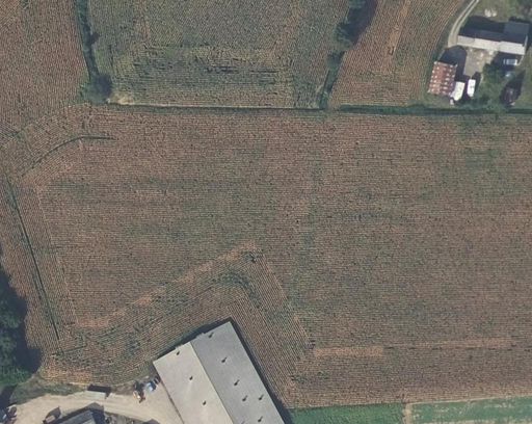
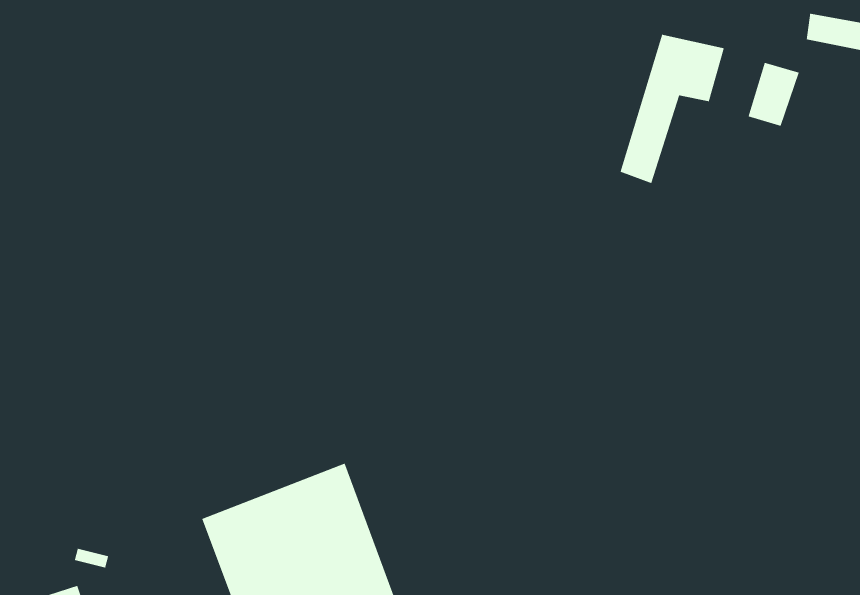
building: none -> [620,34,725,184]

